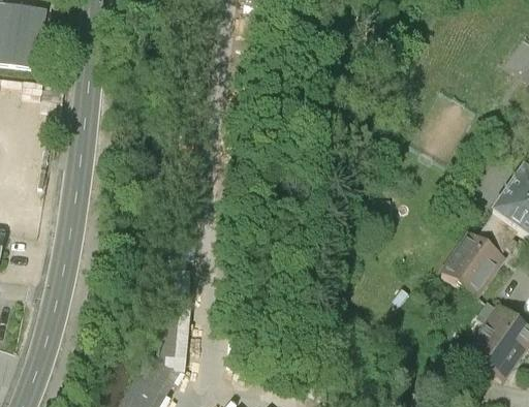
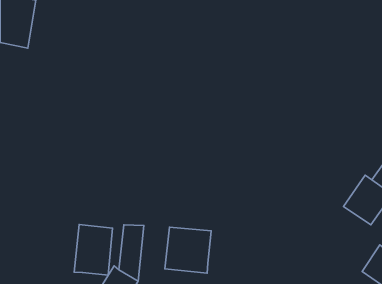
building: none -> [74,224,113,275]
building: none -> [165,227,211,273]

